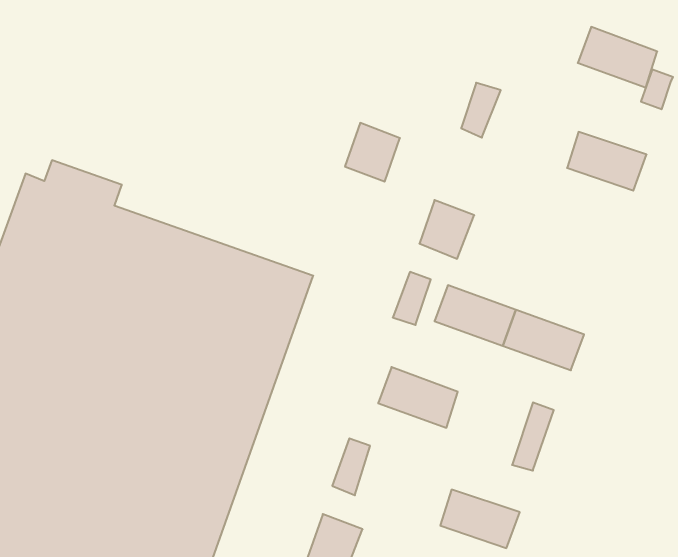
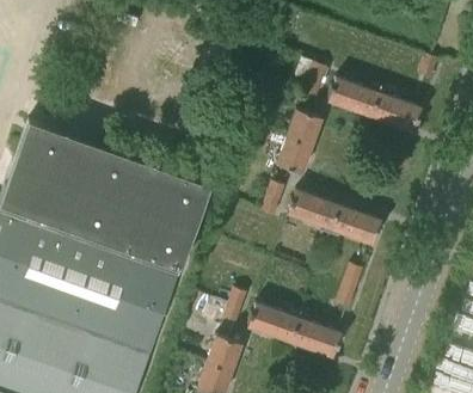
building: [578,27,657,88] -> [327,76,377,115]
building: [345,123,400,182] -> [287,108,321,145]
building: [378,367,458,428] -> [247,302,297,340]

